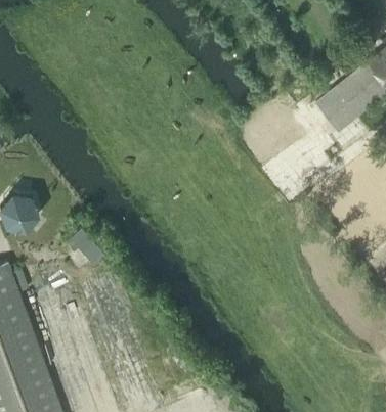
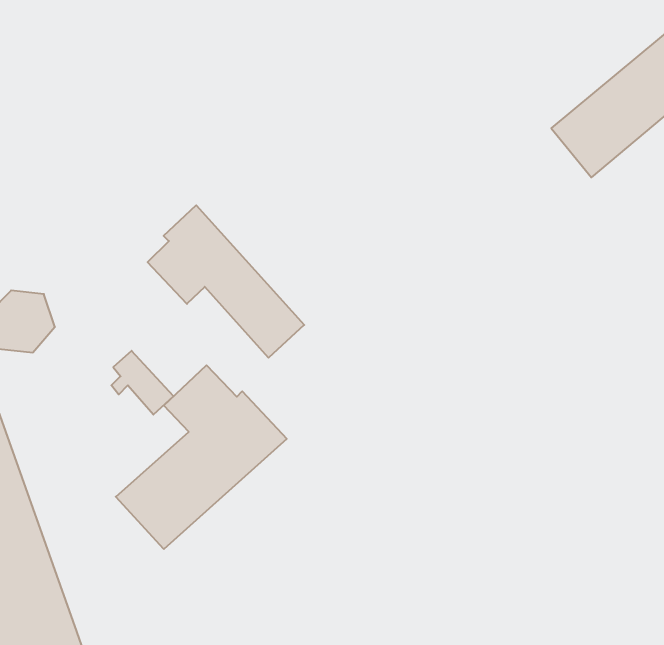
building: none -> [148,205,304,358]
building: none -> [116,365,287,549]

